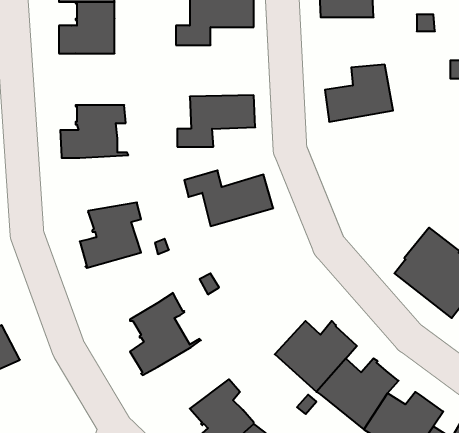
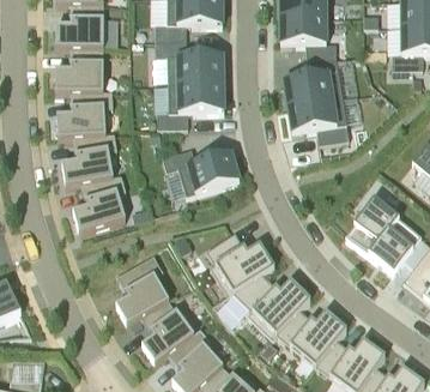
building: none -> [280,16,335,59]
building: none -> [156,40,223,84]
building: none -> [55,47,111,91]
building: none -> [287,96,349,143]
building: none -> [62,134,122,185]
building: none -> [205,246,275,306]
building: none -> [140,300,201,362]

